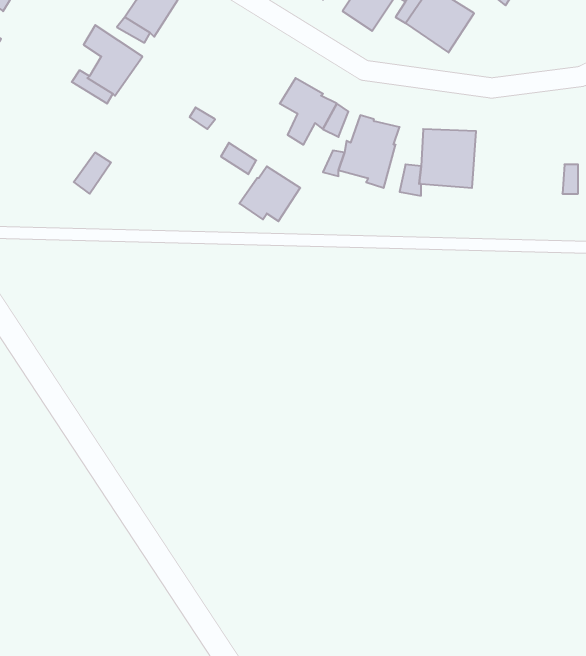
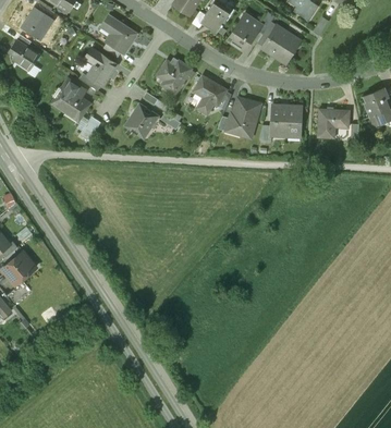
building: none -> [157,60,190,93]
building: none -> [51,80,88,117]
building: none -> [317,109,350,138]
building: [239,166,300,221] -> [124,105,158,135]

